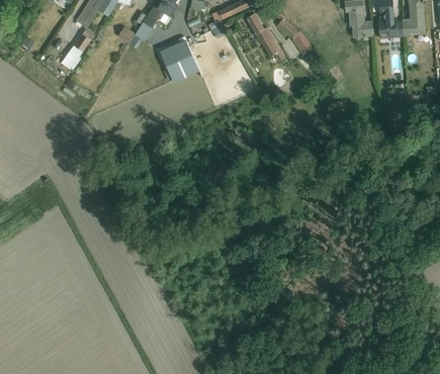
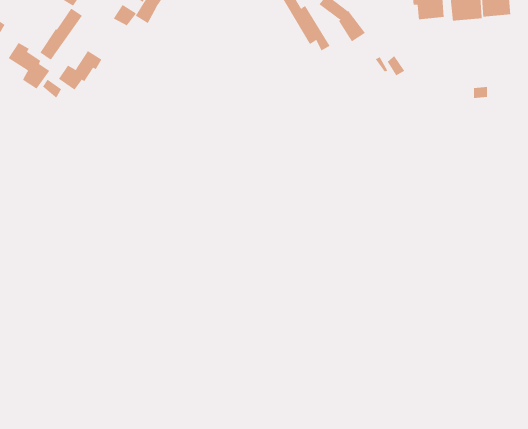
building: [160,38,199,81] -> none
building: none -> [8,42,50,90]
building: none -> [58,50,102,91]

